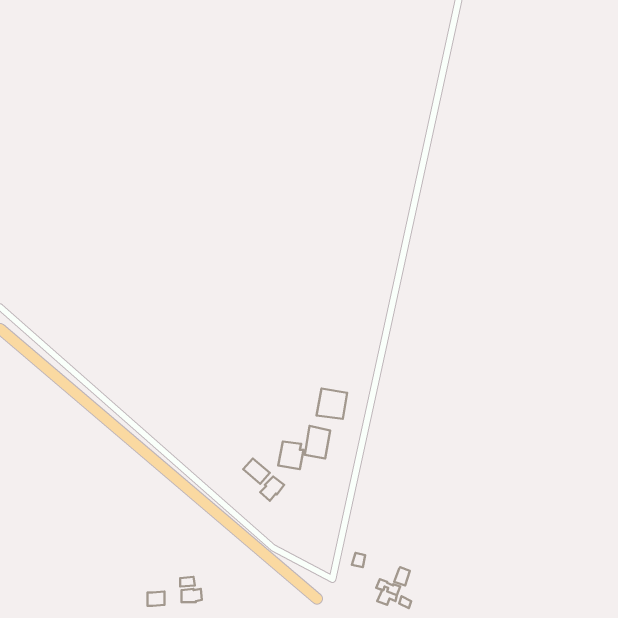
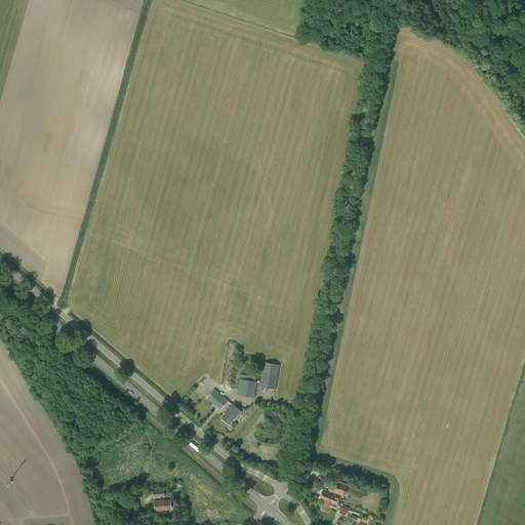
building: [316,388,347,419] -> none

